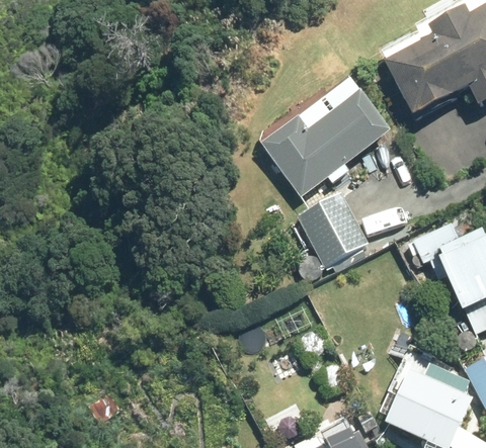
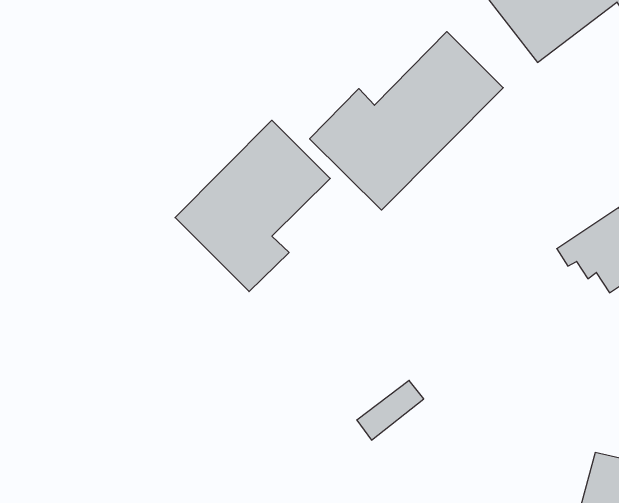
building: none -> [175,120,330,292]
building: [298,191,370,265] -> none

